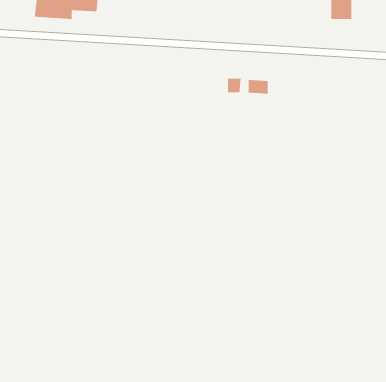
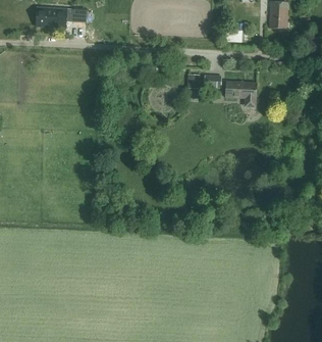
building: none -> [224,80,256,105]

